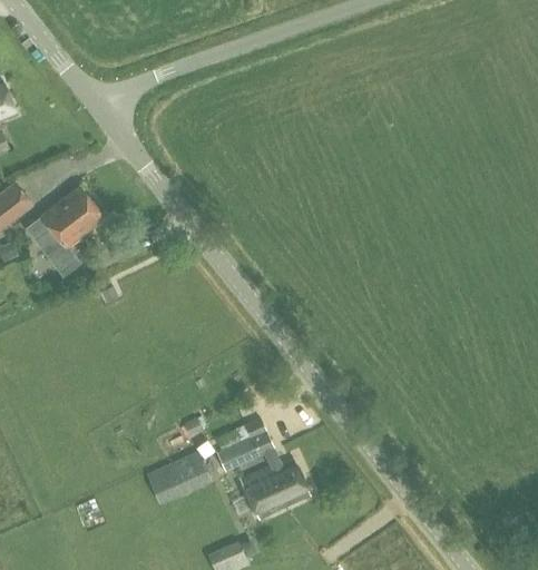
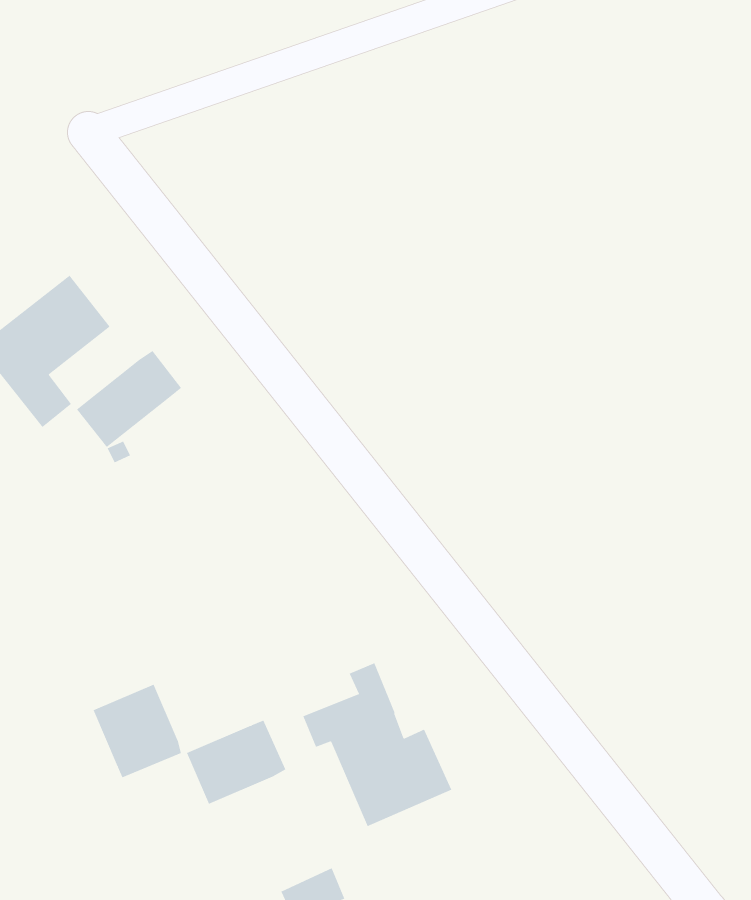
building: none -> [76,350,182,448]
building: none -> [93,684,181,778]

